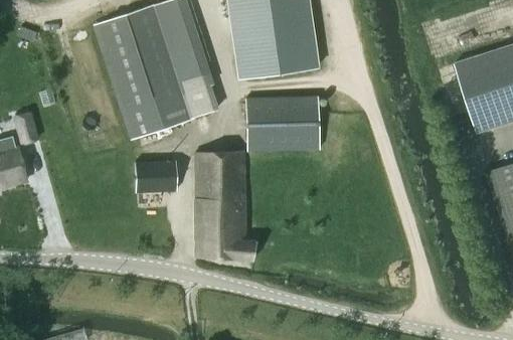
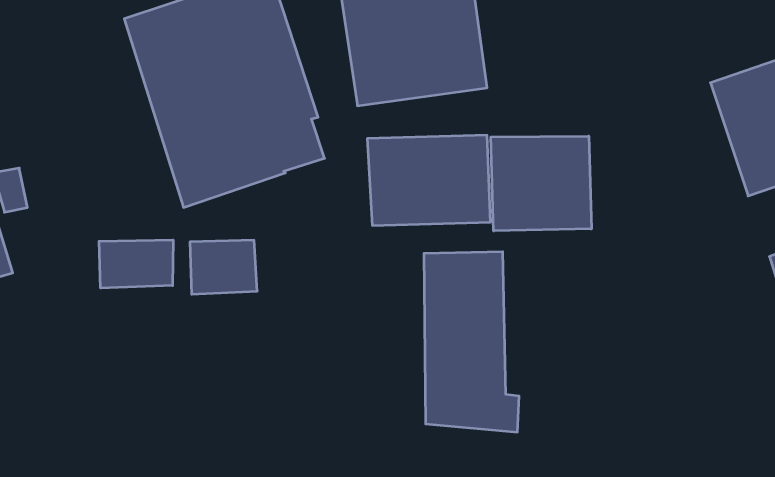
building: none -> [491,136,591,231]
building: [195,151,253,262] -> [424,252,519,432]
building: none -> [99,240,173,288]

